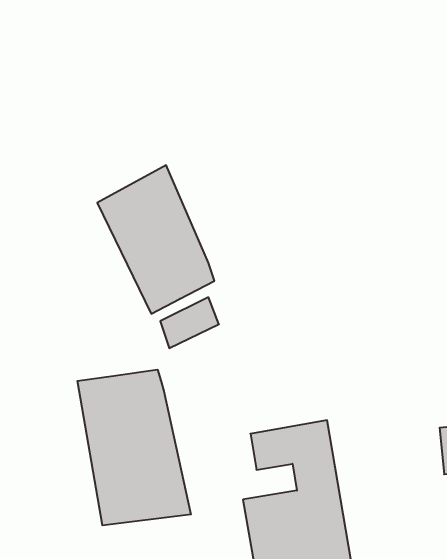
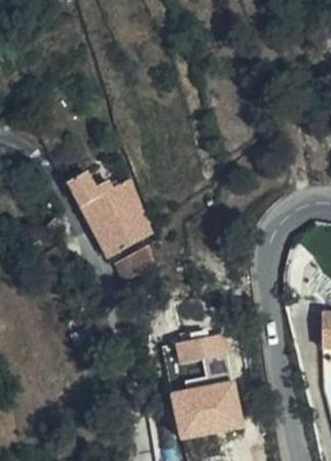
building: [77,370,191,525] -> none

